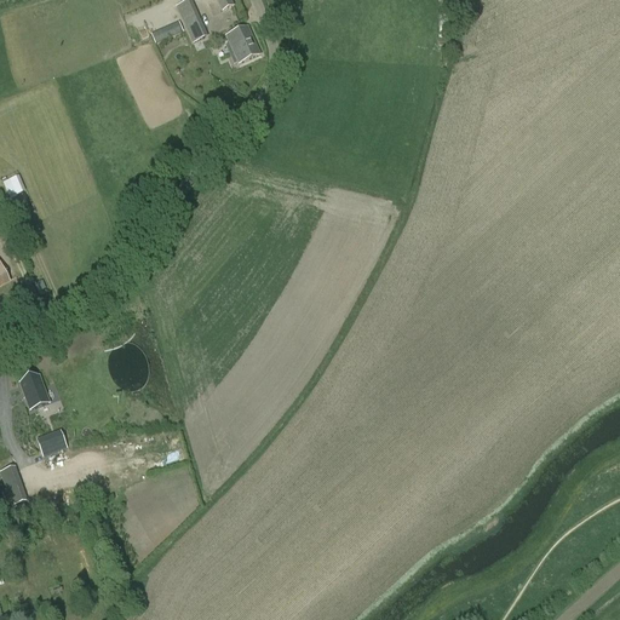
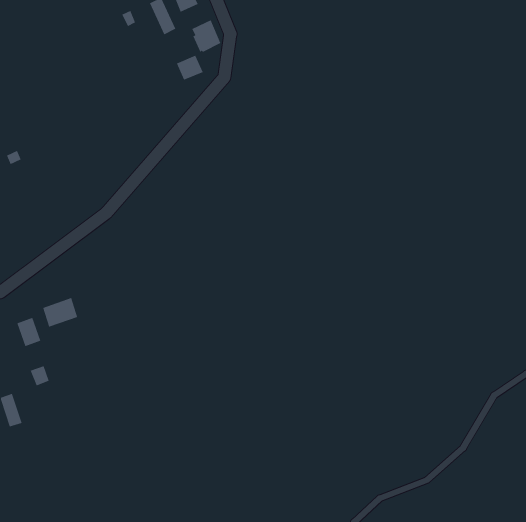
building: none -> [176,55,203,81]
building: none -> [42,297,78,327]

